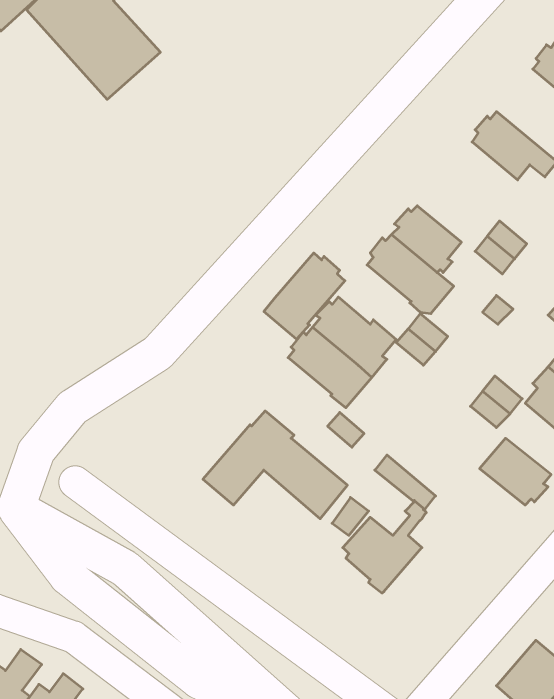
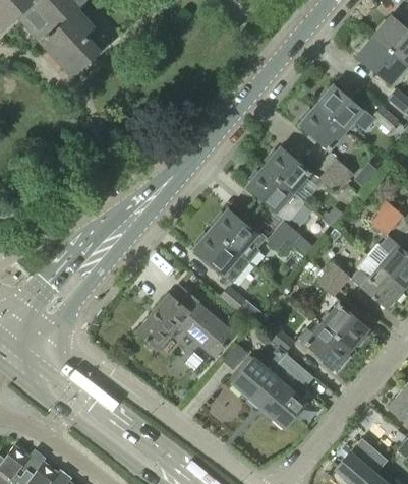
building: none -> [300,106,348,152]
building: [264,253,345,339] -> none
building: none -> [299,324,353,369]
building: none -> [258,355,305,428]

